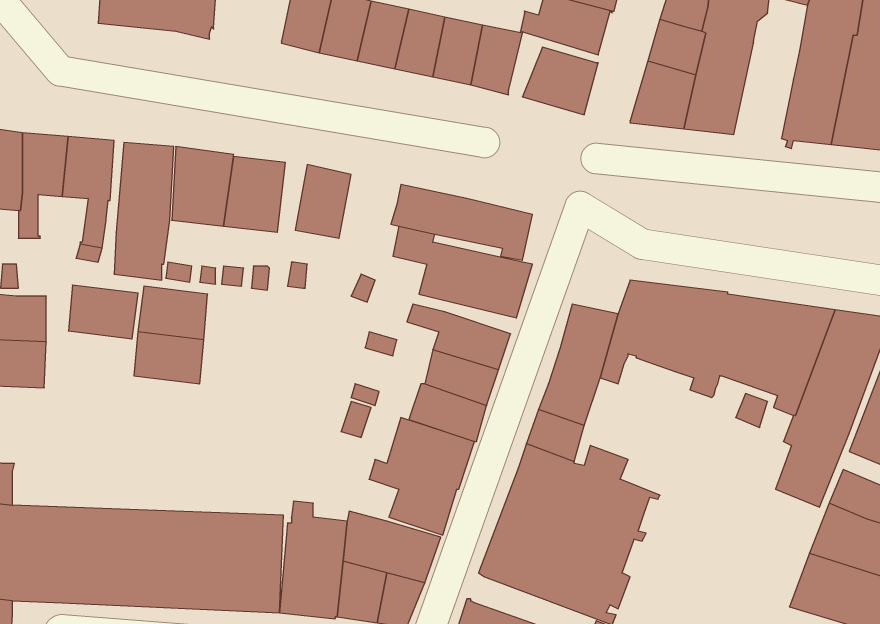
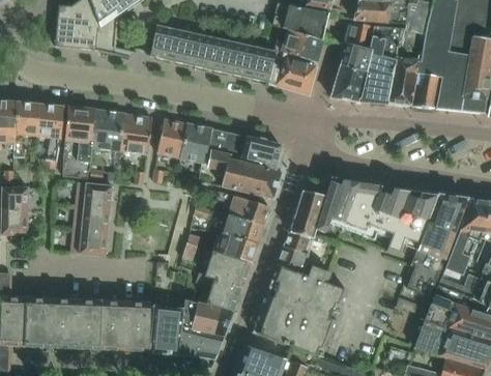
building: none -> [385,55,420,105]
building: none -> [180,123,212,162]
building: [68,285,138,339] -> [71,228,108,256]

